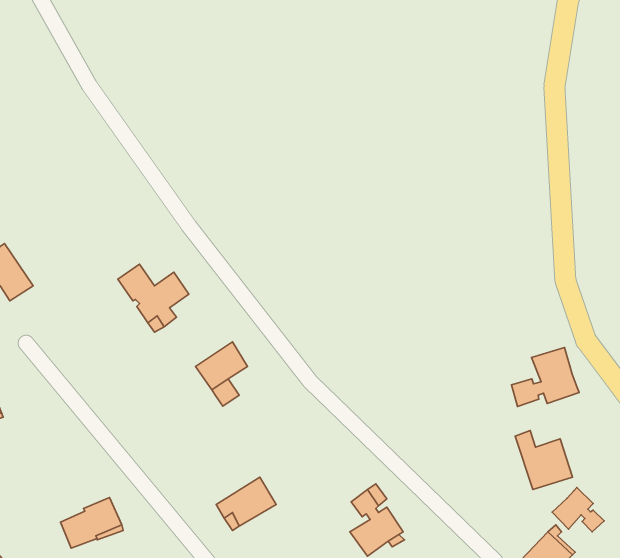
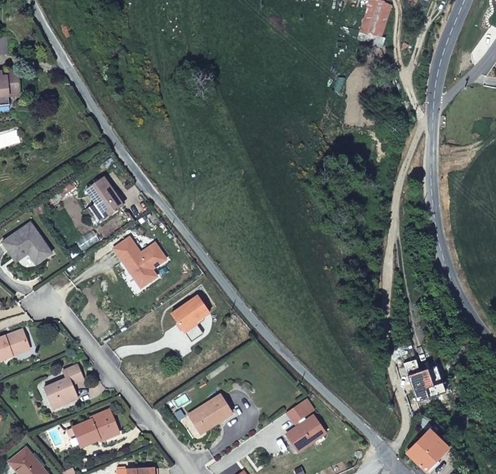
building: none -> [86,177,123,222]
building: [511,347,579,407] -> none
building: none -> [44,364,84,405]
building: [552,488,604,532] -> none

